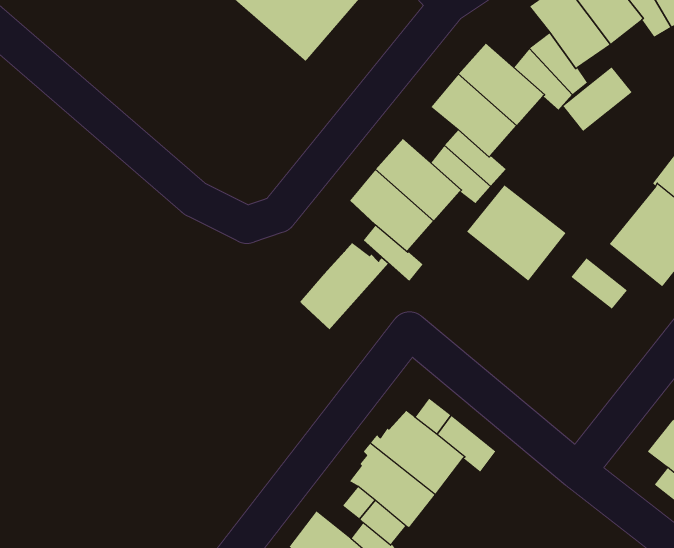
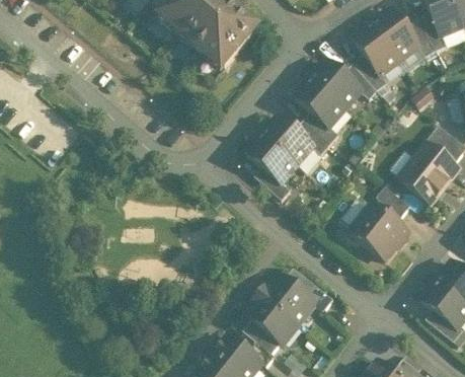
building: [562,67,633,132] -> none
building: [466,185,566,282] -> [350,204,408,260]
building: [299,242,389,330] -> none

